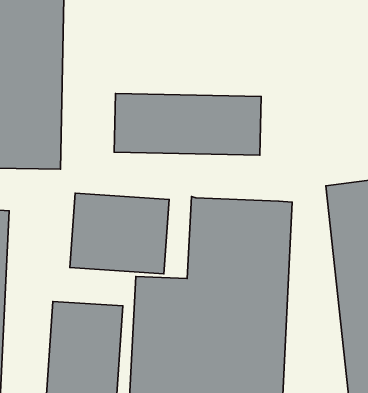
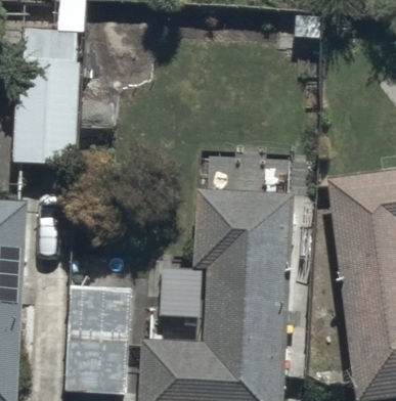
building: [114,94,261,155] -> none
building: [70,193,169,274] -> none

